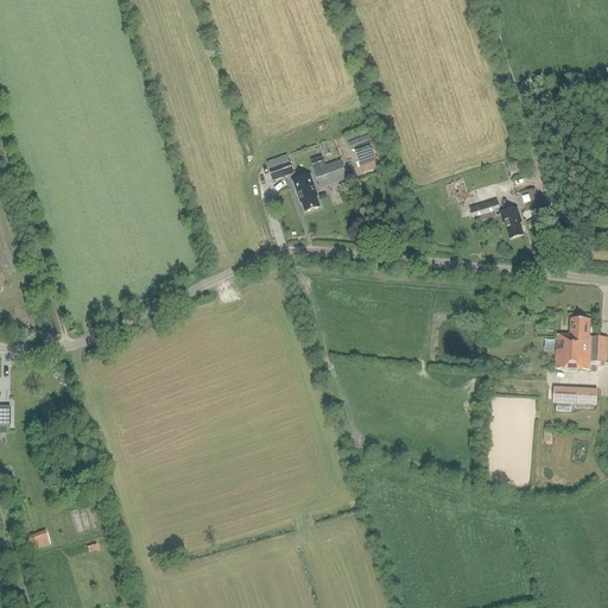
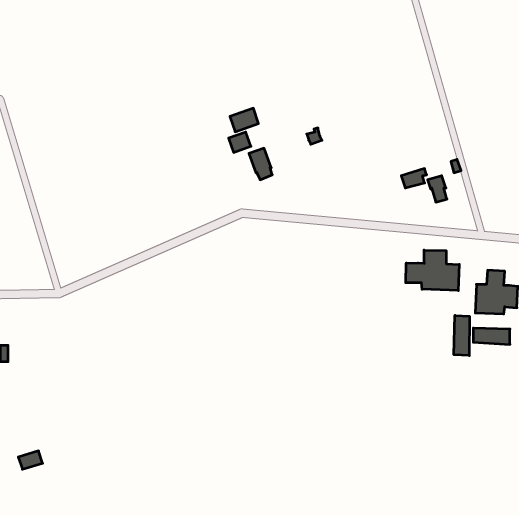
building: [314,158,347,185] -> [230,108,258,132]
building: none -> [406,250,459,291]
building: none -> [454,315,469,356]

